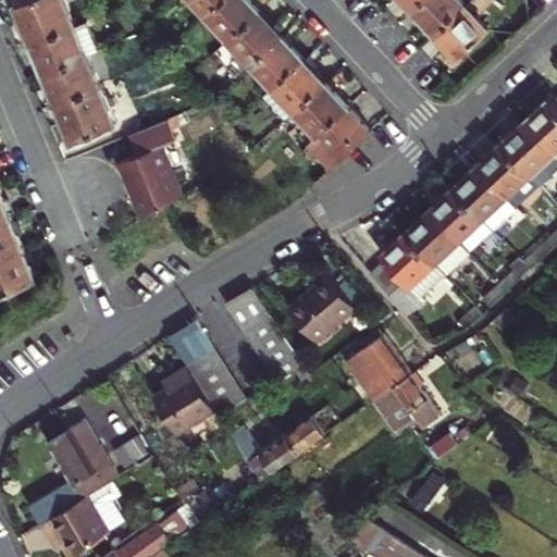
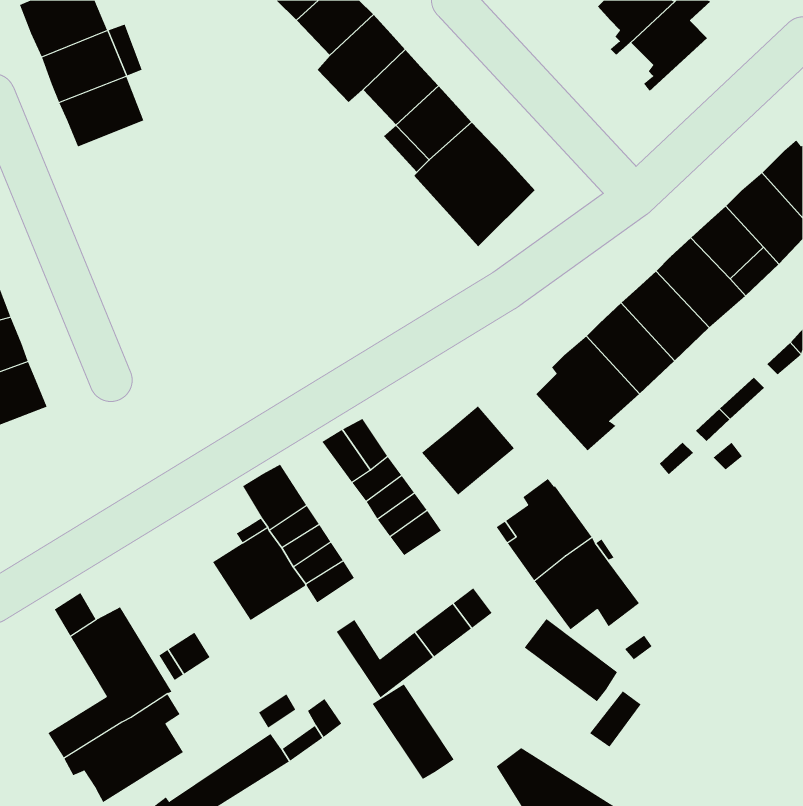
building: [53,85,114,143] -> none
building: [116,123,180,220] -> none
building: none -> [524,618,618,702]
building: none -> [372,683,455,780]

